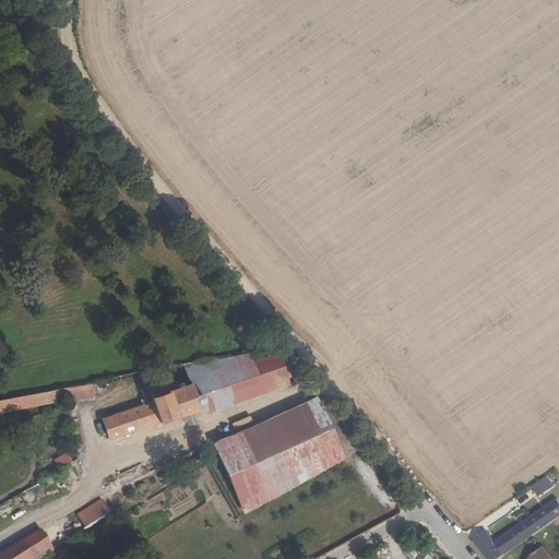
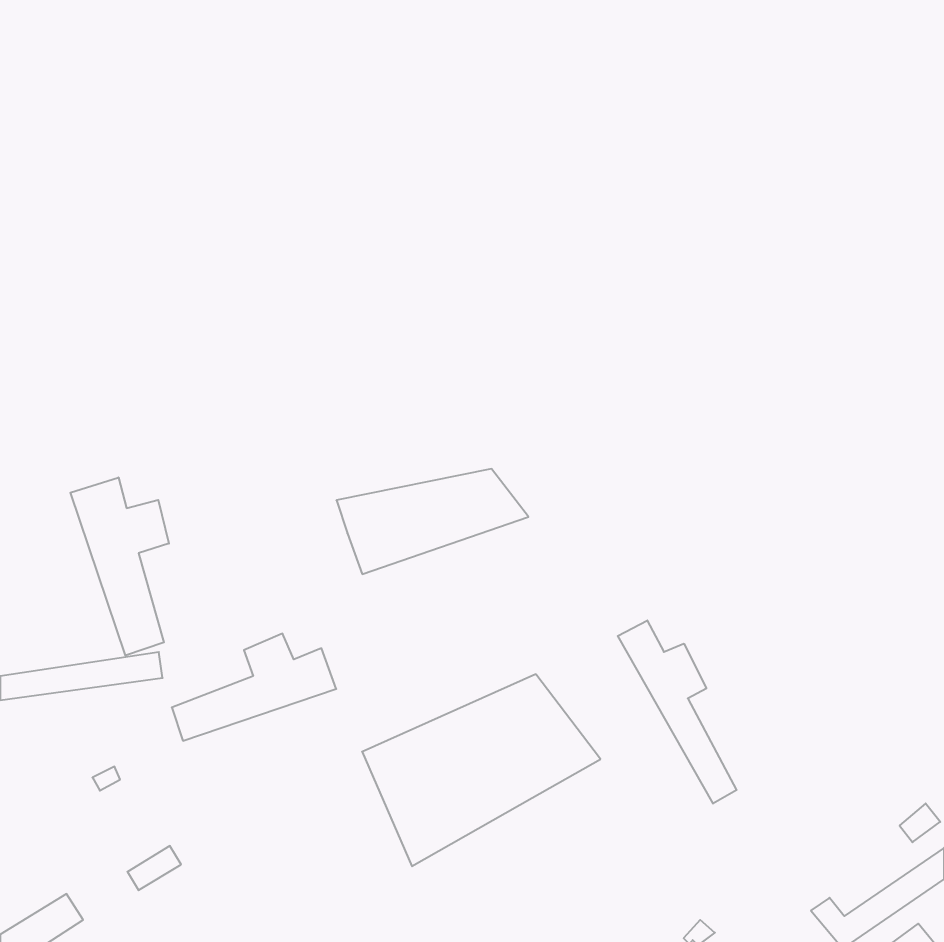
building: none -> [70,477,169,655]
building: [183,346,297,408] -> [336,469,528,574]
building: none -> [618,620,737,804]

